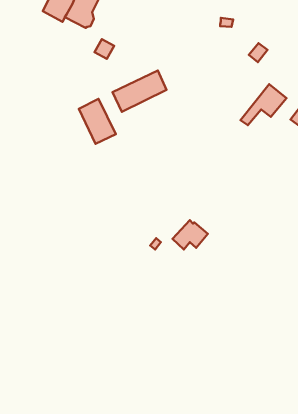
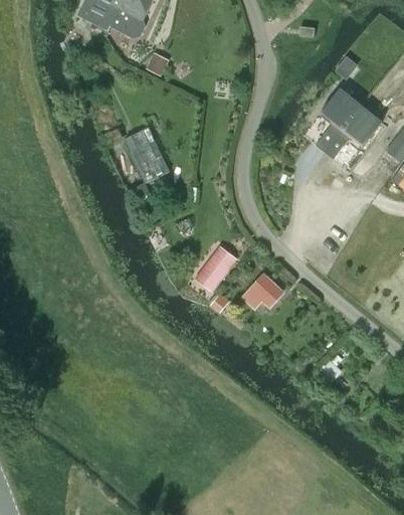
building: none -> [316,91,359,152]
building: [113,71,167,112] -> none
building: none -> [192,246,240,293]

